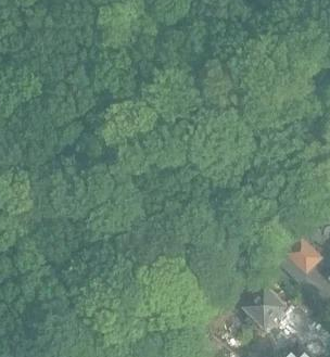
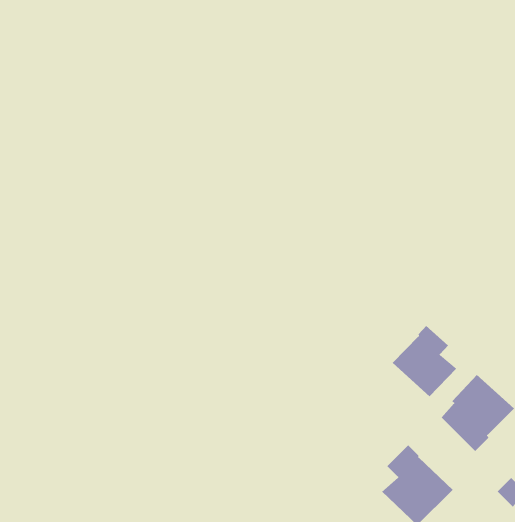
building: none -> [392,325,457,397]

